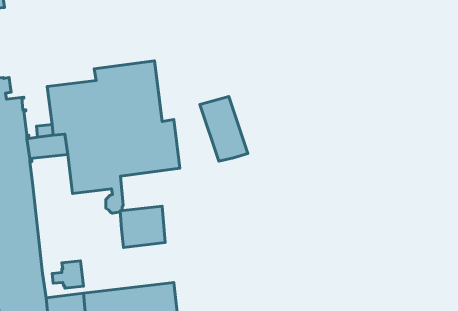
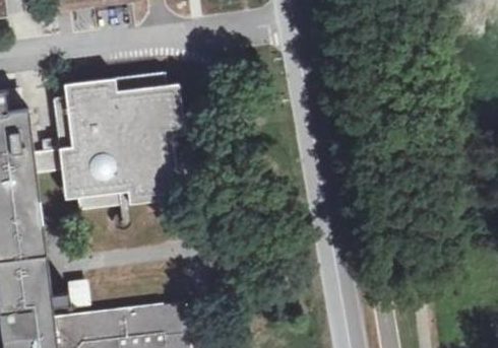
building: [200,96,248,161] -> none
building: [120,206,165,247] -> none

